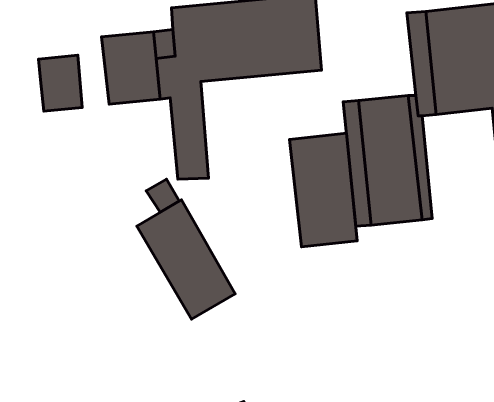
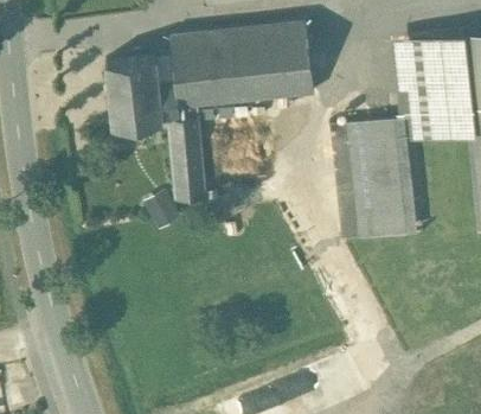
building: [39,55,82,111] -> none
building: [289,133,357,247] -> none
building: [137,200,235,319] -> none

